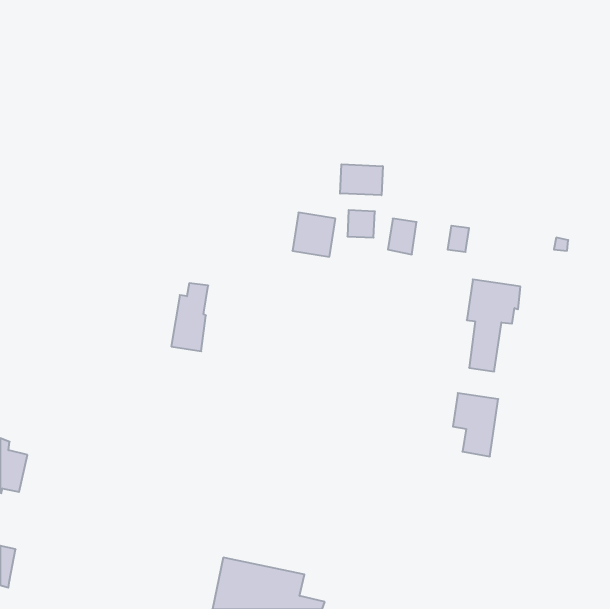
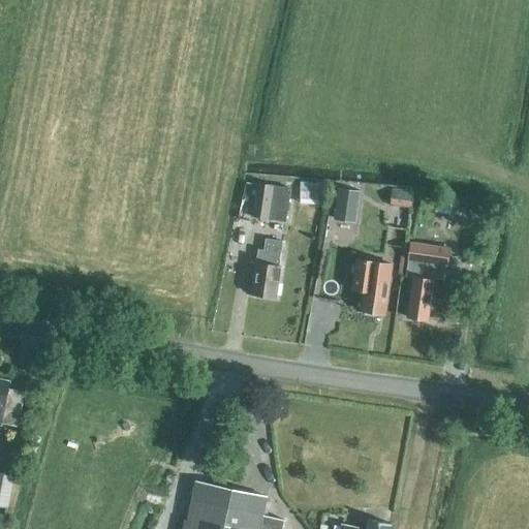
building: [340,164,383,195] -> none
building: [171,283,208,351] -> [250,240,282,299]
building: [453,393,498,456] -> [352,260,392,315]

